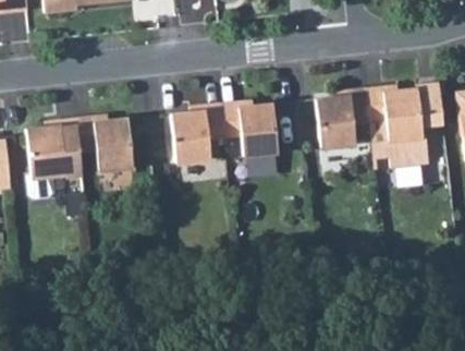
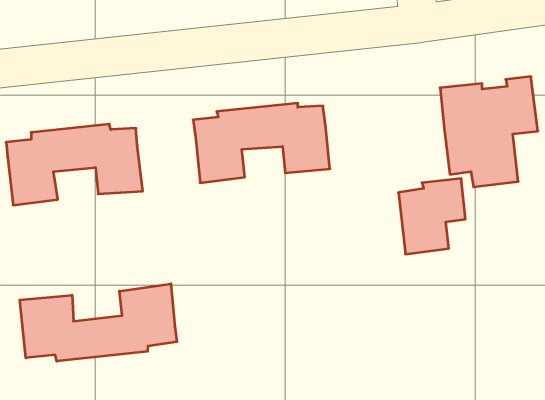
building: [318,90,370,149] -> [398,179,465,254]
building: none -> [20,284,177,361]

